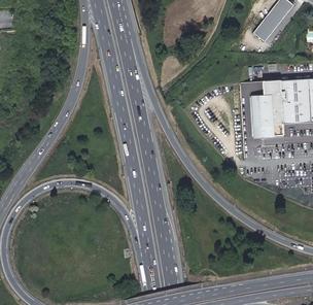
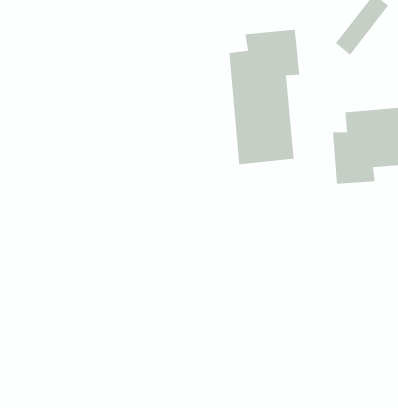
building: none -> [229,29,300,165]

